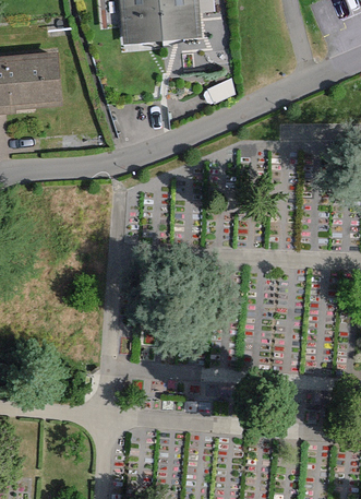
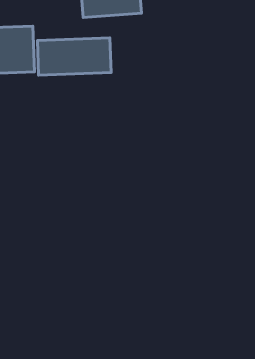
building: none -> [37,38,111,75]

